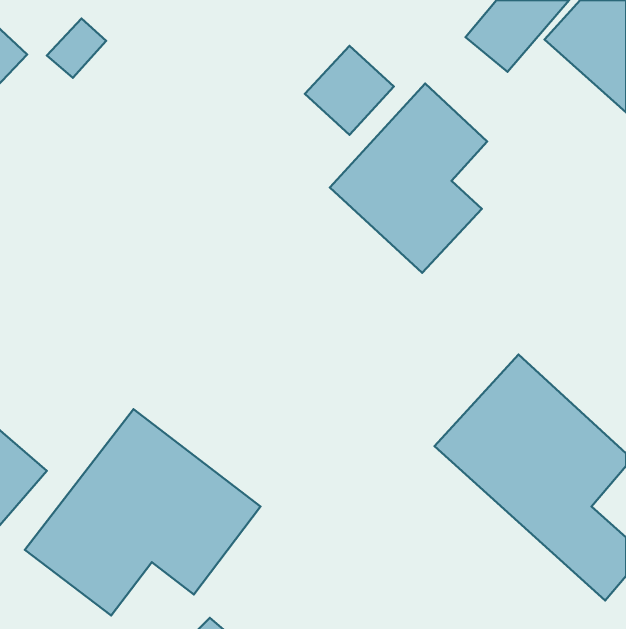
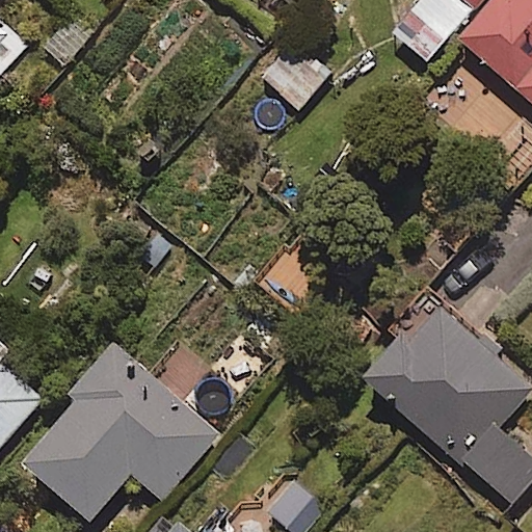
building: [330,84,487,273] -> none

